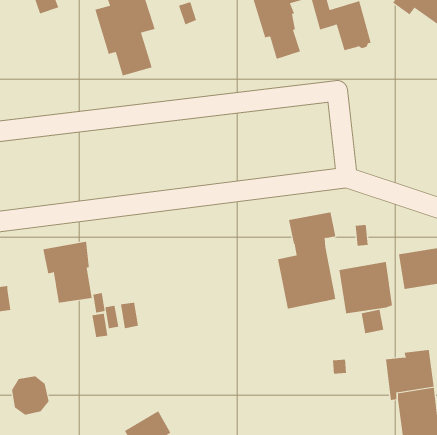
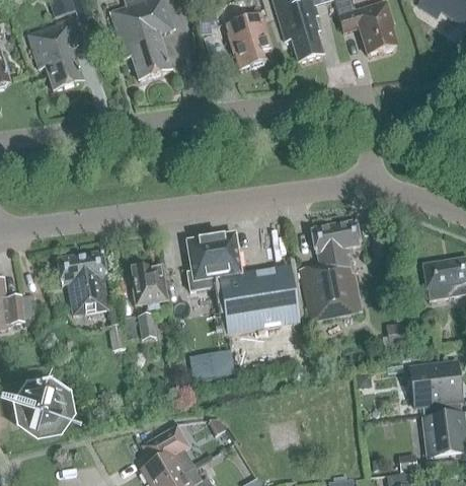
building: none -> [224,7,269,67]
building: none -> [27,20,83,89]
building: none -> [186,234,298,333]
building: none -> [130,264,166,307]
building: [339,261,393,314] -> none
building: none -> [187,347,233,378]

